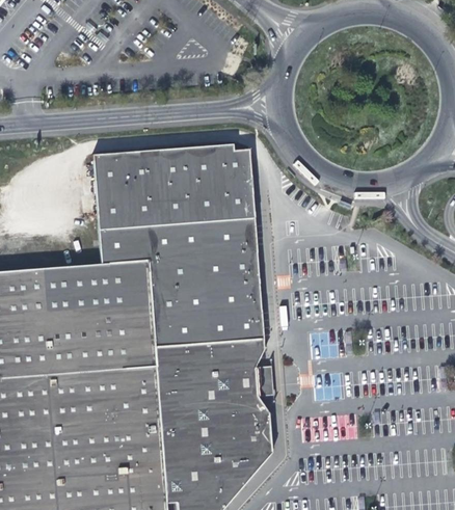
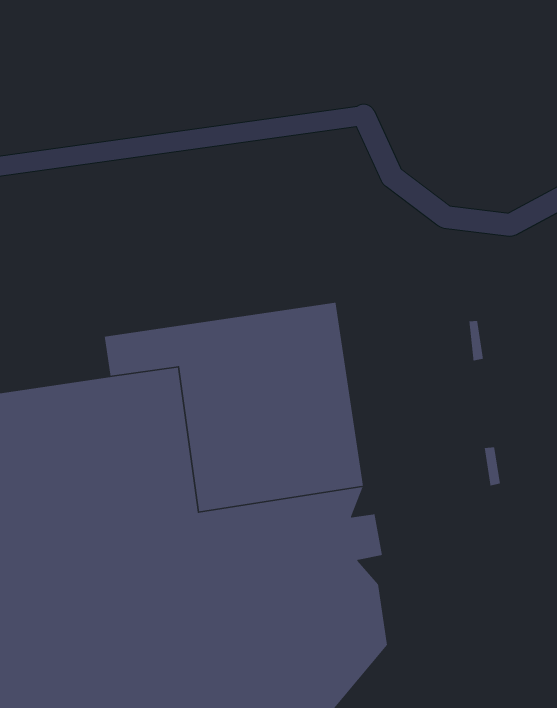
building: [92,145,253,238] -> none

